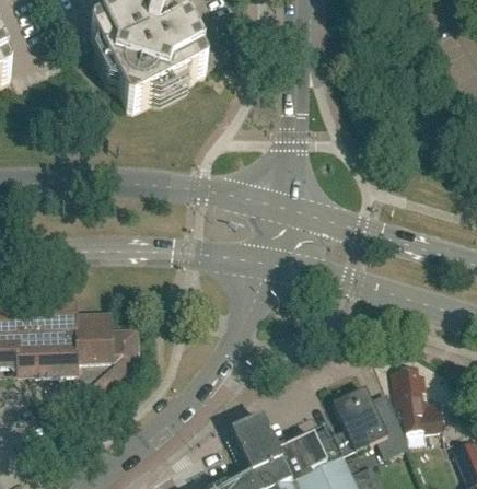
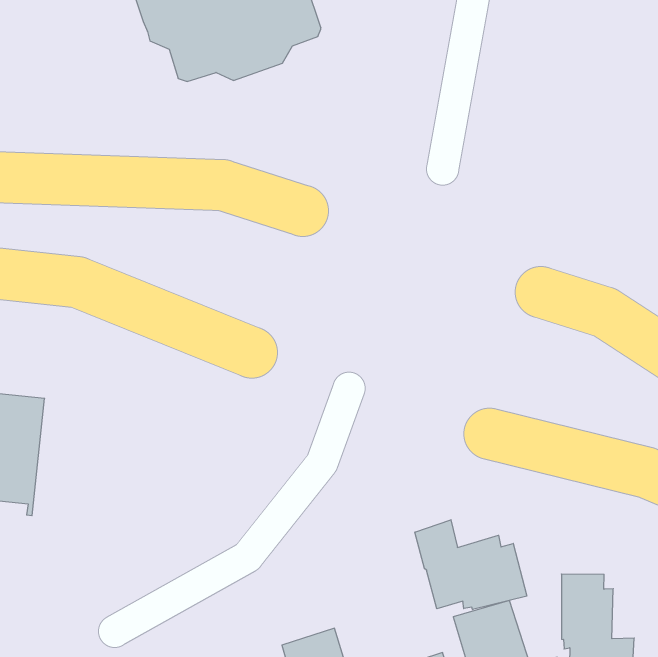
building: [72,304,137,406] -> none
building: none -> [415,520,527,610]

